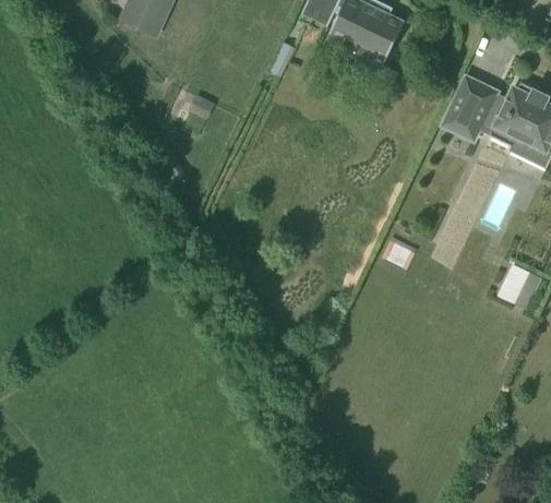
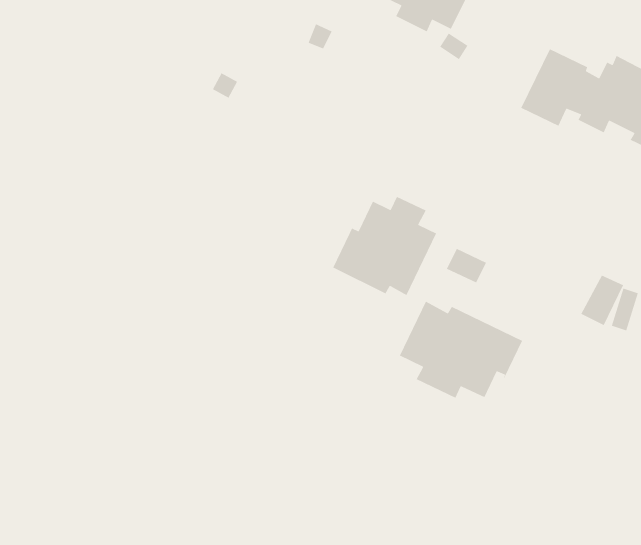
building: none -> [332,196,437,296]
building: none -> [399,300,523,399]

